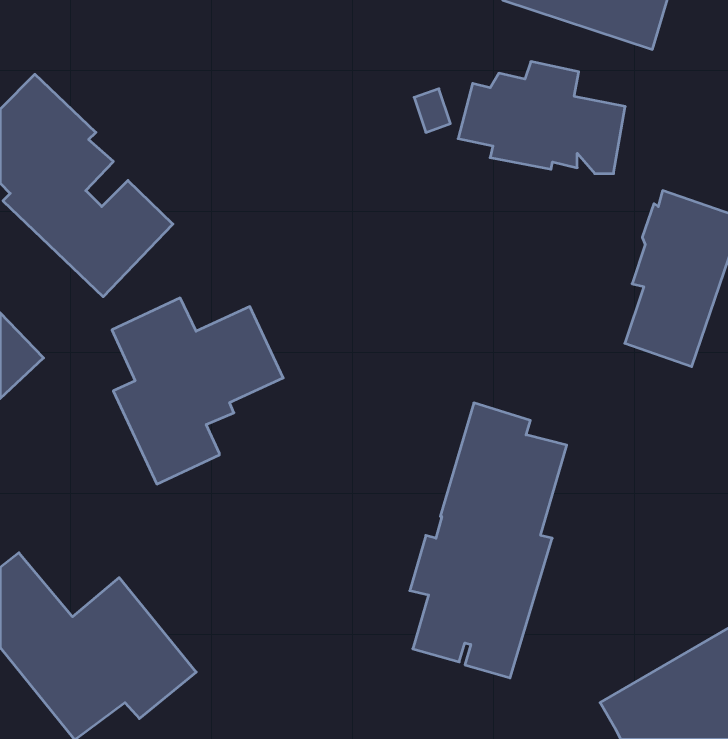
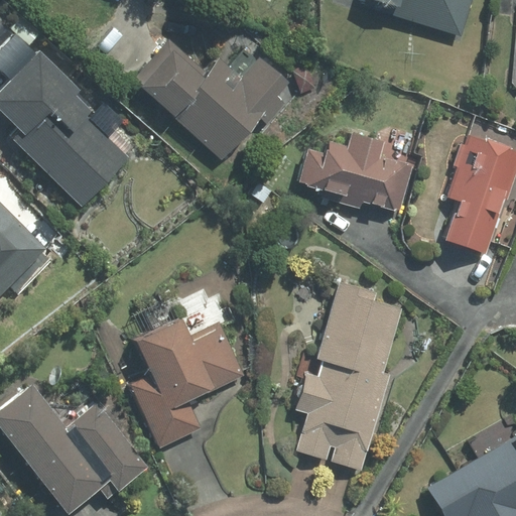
building: none -> [137,38,289,158]
building: [458,62,625,174] -> [296,132,412,210]
building: [112,298,283,484] -> [128,318,247,447]

